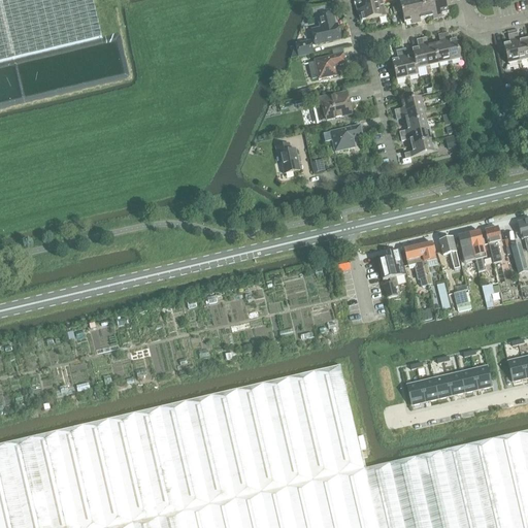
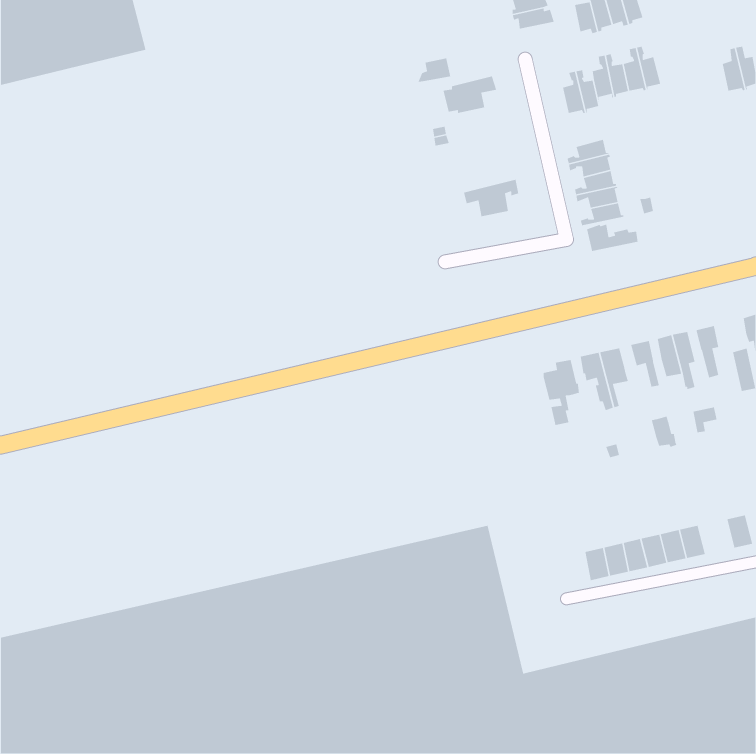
building: [311,12,340,44] -> none
building: [312,92,352,122] -> none
building: [275,143,300,173] -> none
building: none -> [586,224,639,252]

